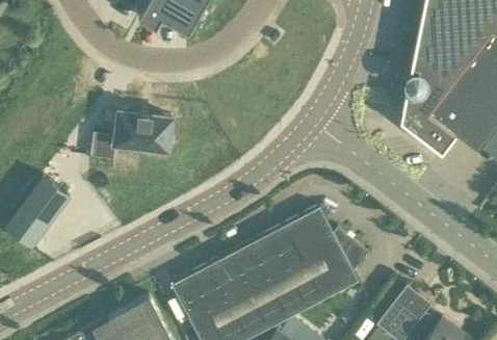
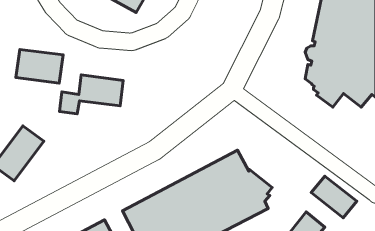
building: none -> [16,49,63,83]
building: none -> [311,176,357,218]

